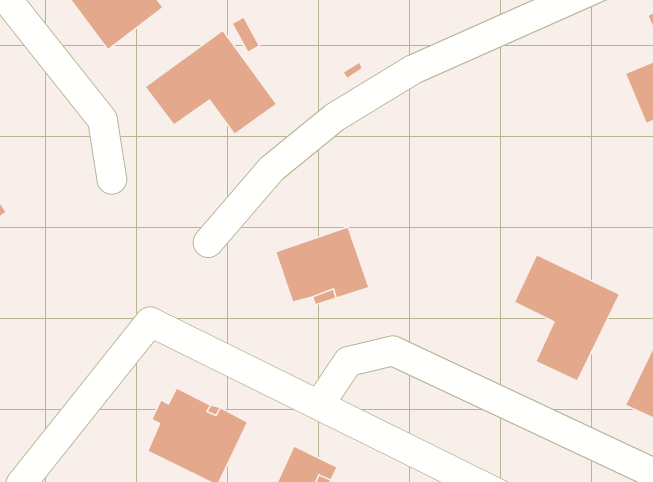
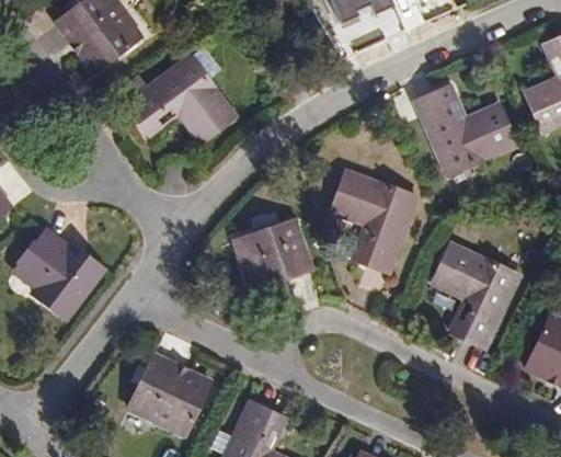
building: none -> [413,84,517,175]
building: none -> [331,169,417,270]
building: none -> [15,231,105,318]

